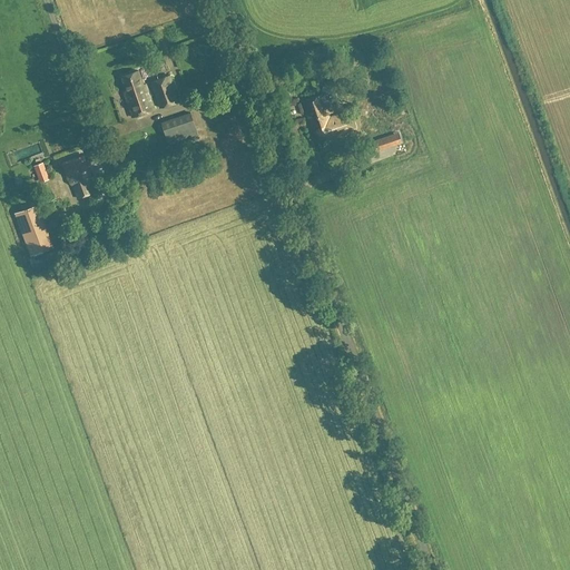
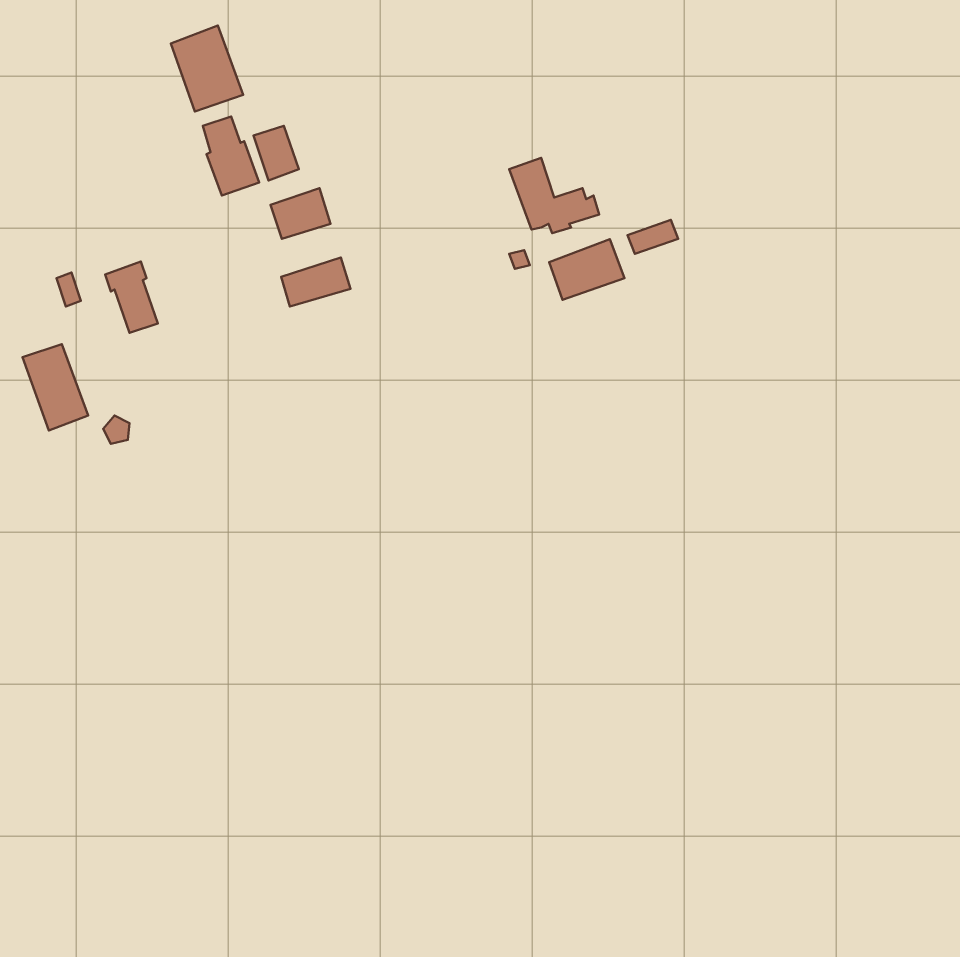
building: none -> [171,26,243,112]
building: none -> [549,239,625,300]
building: none -> [281,258,351,307]

